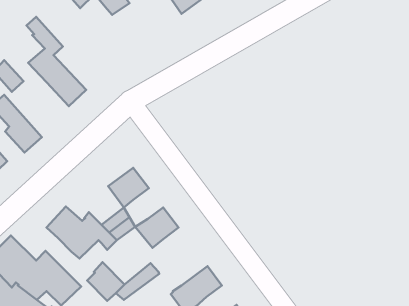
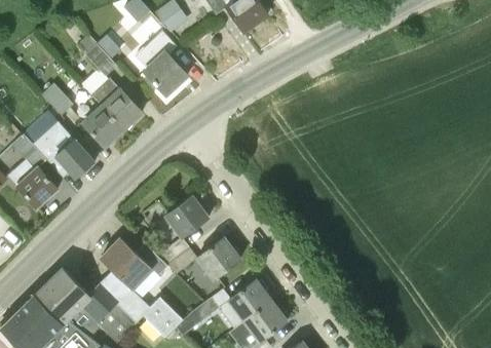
building: none -> [136,31,187,95]
building: none -> [82,105,123,147]
building: none -> [99,271,151,322]
building: none -> [228,280,271,321]

